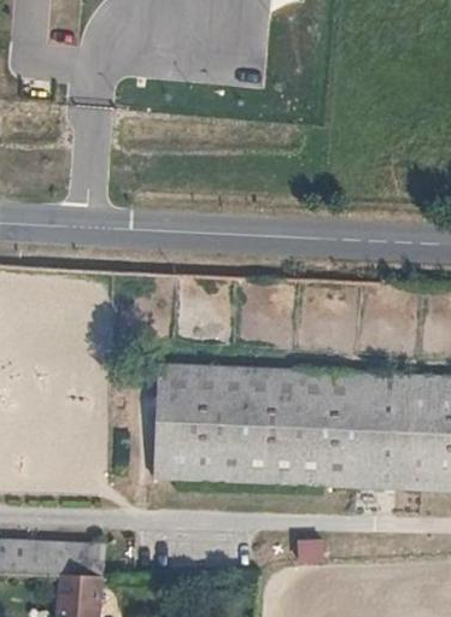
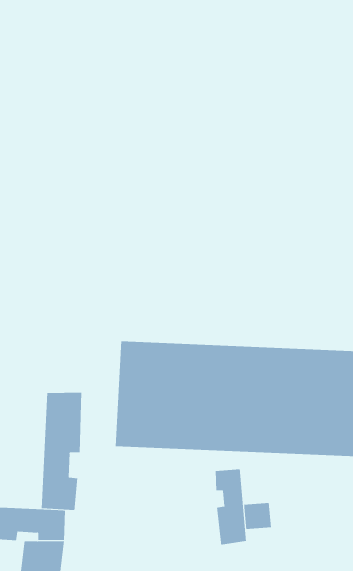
building: none -> [41,392,82,511]
building: none -> [215,468,247,545]

